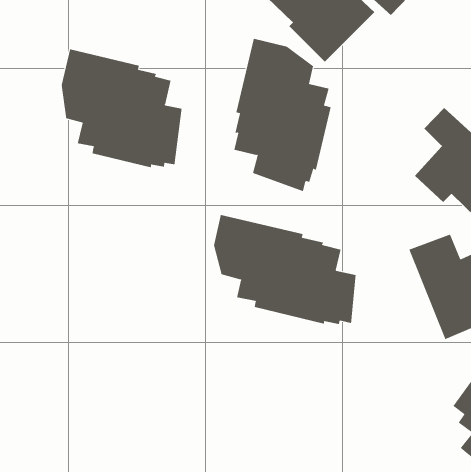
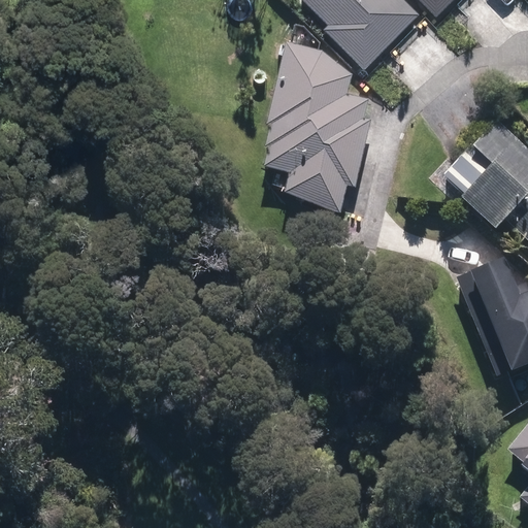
building: [61,49,182,168] -> none
building: [213,214,356,325] -> none

